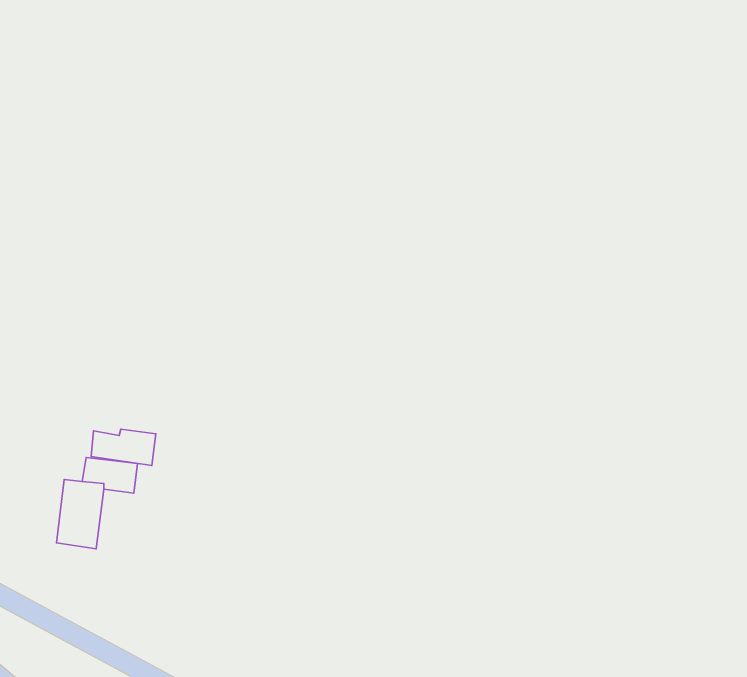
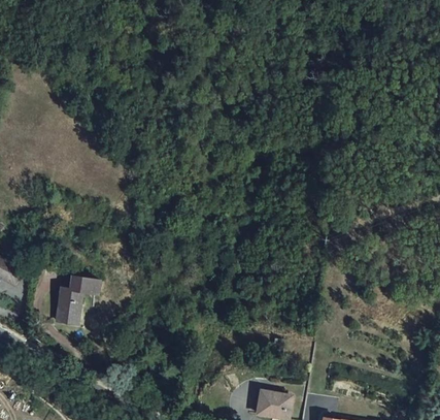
building: [91,429,156,466] -> none

